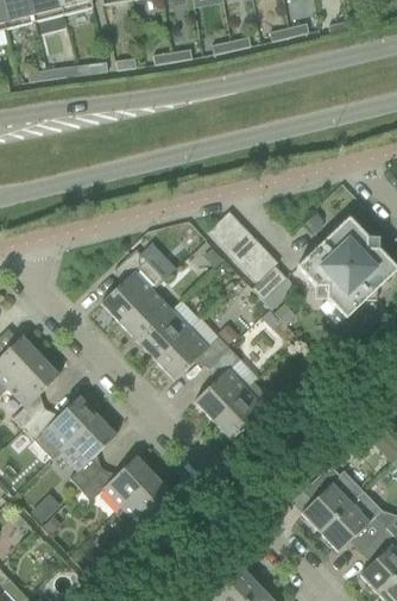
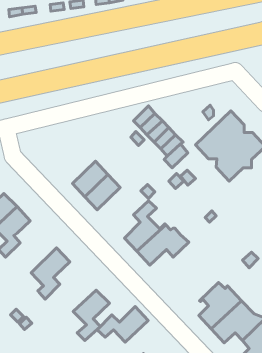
building: [101,248,165,321] -> none
building: [156,327,229,378] -> none
building: [24,395,97,458] -> none
building: [81,455,155,506] -> [97,307,148,342]

